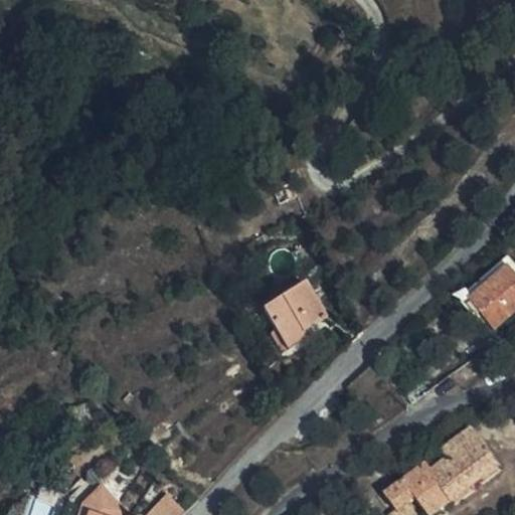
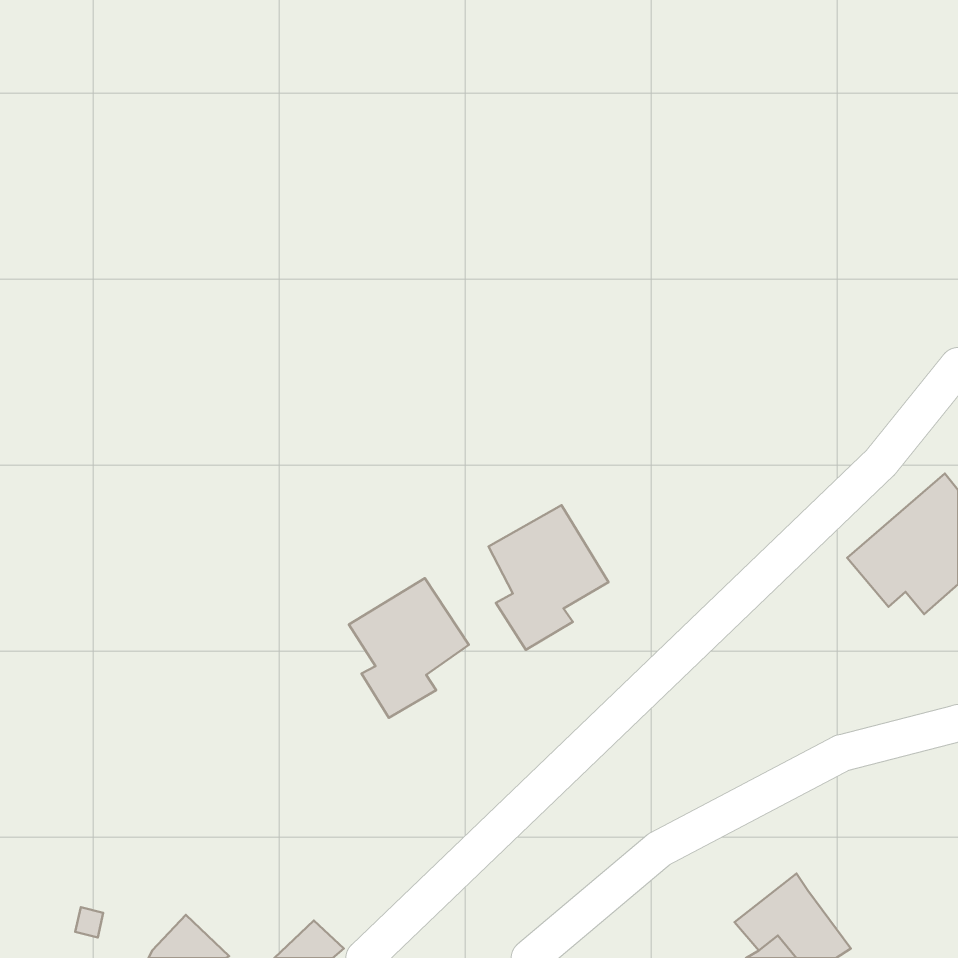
building: none -> [349,578,469,718]
building: [433,433,501,508] -> none

